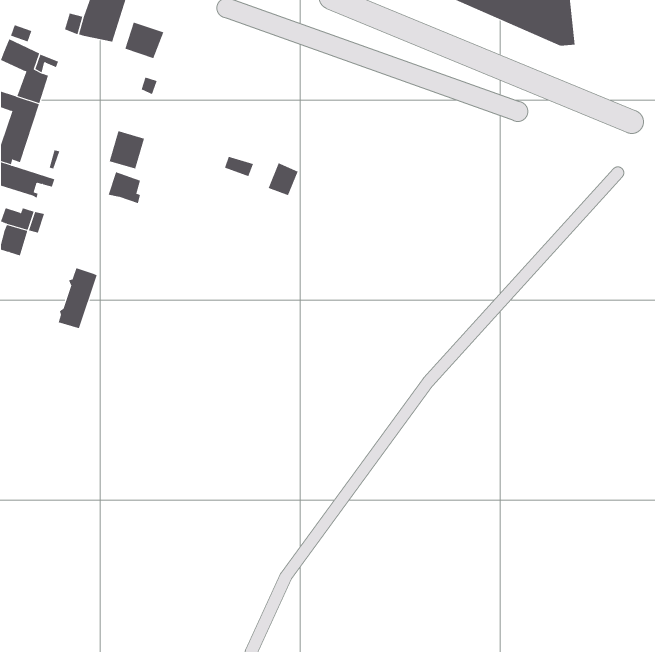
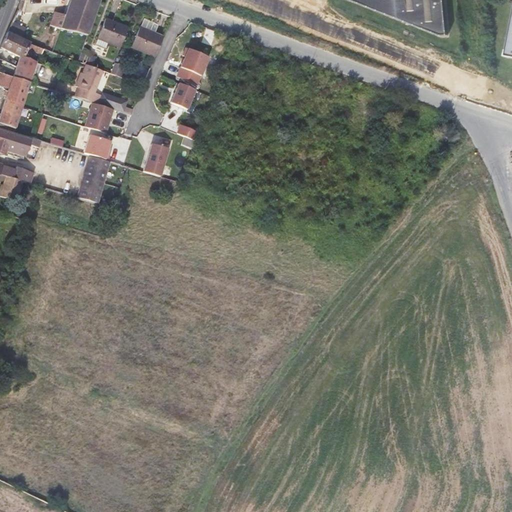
building: none -> [132,24,164,54]
building: none -> [175,48,207,85]
building: none -> [75,63,104,101]
building: [268,163,299,196] -> [170,82,194,108]
building: none -> [144,143,169,175]
building: [58,268,98,329] -> [79,154,110,202]

